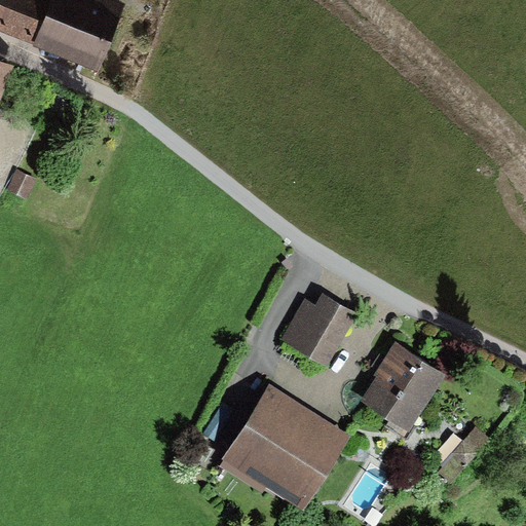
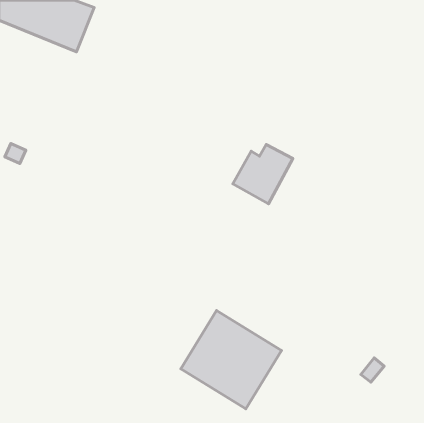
building: [281,294,355,367] -> [233,144,293,204]
building: [362,343,444,429] -> none

